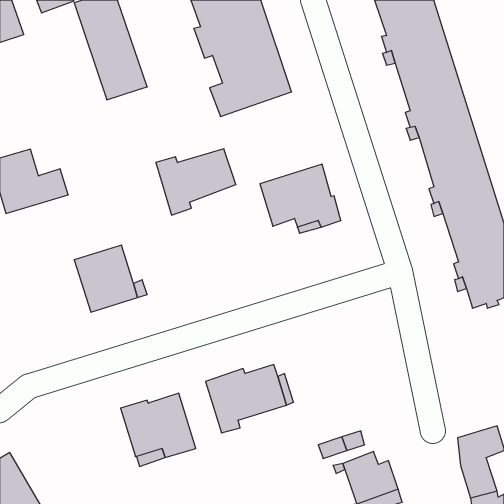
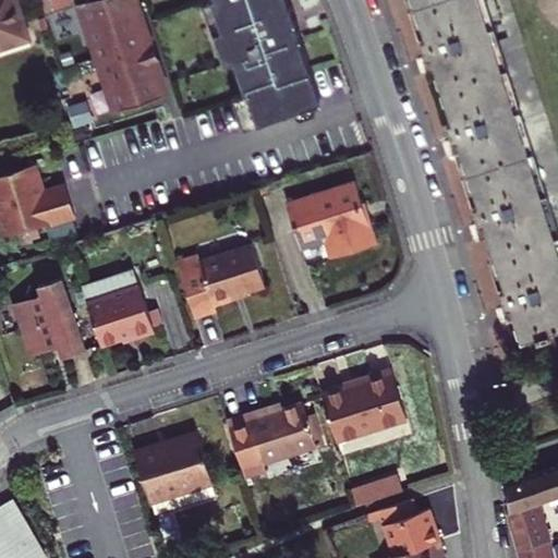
building: [156,149,236,215] -> [177,246,265,319]
building: none -> [13,279,85,360]
building: none -> [322,369,407,441]

